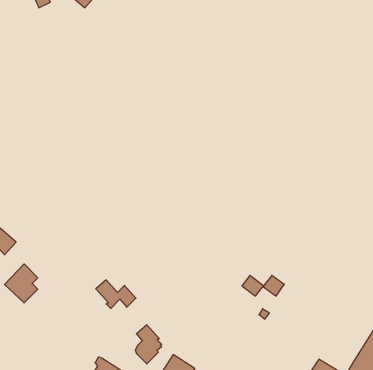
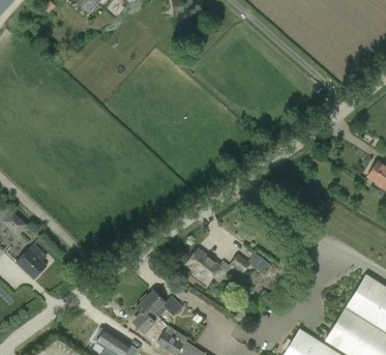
building: none -> [185,249,220,283]
building: [96,280,136,308] -> [144,291,180,317]

